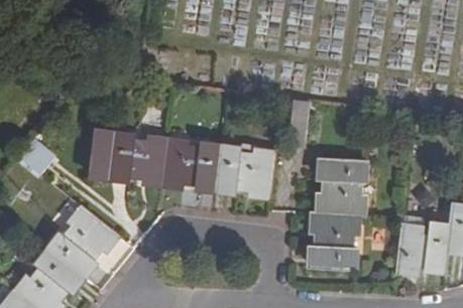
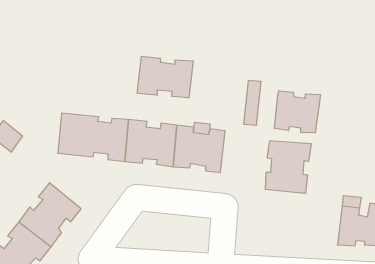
building: none -> [137,56,193,98]
building: none -> [274,91,321,133]
building: [306,213,355,271] -> none

